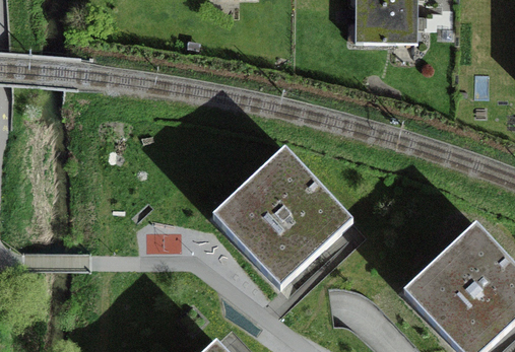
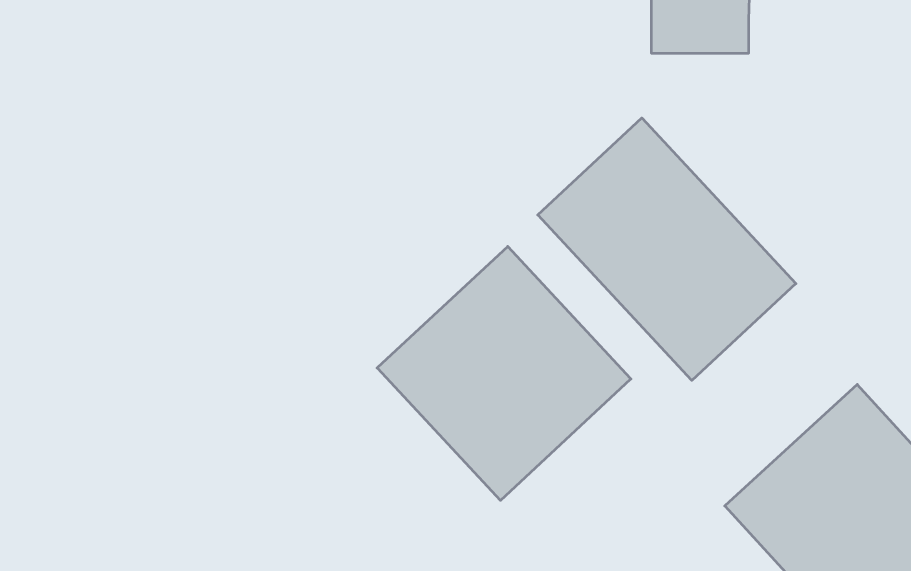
building: none -> [538,118,796,380]

